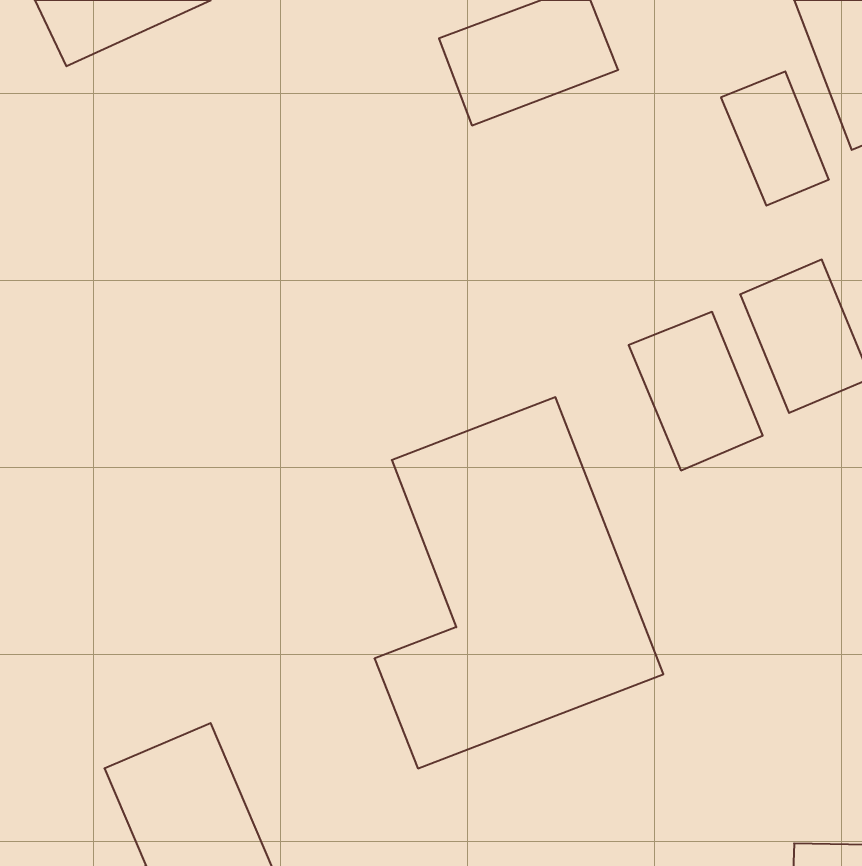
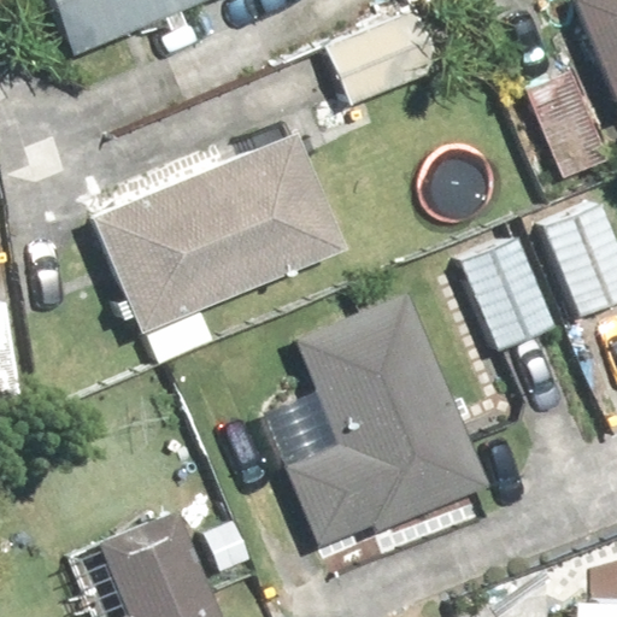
building: none -> [82,137,329,334]

